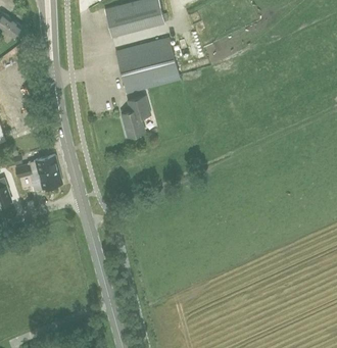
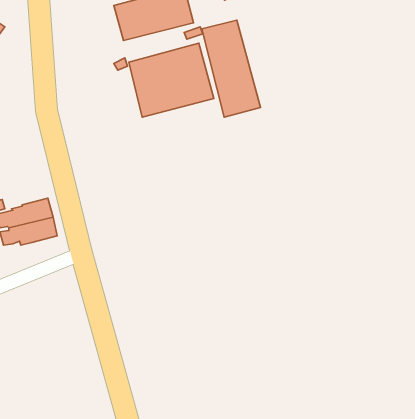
building: none -> [202,20,261,117]
building: [122,97,151,137] -> none

